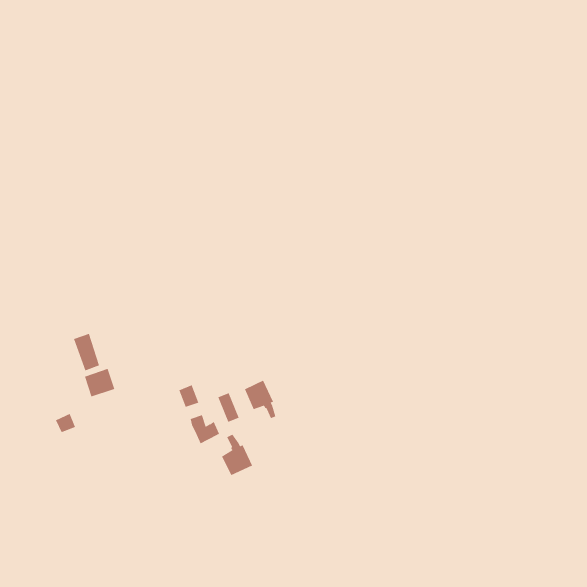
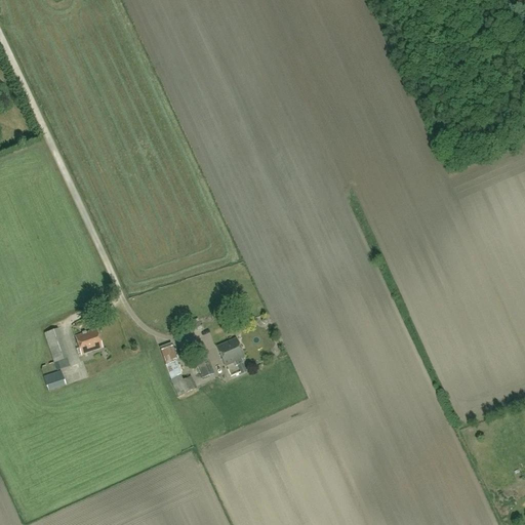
building: [73,333,100,371] -> [45,328,69,362]
building: [221,434,253,476] -> none

